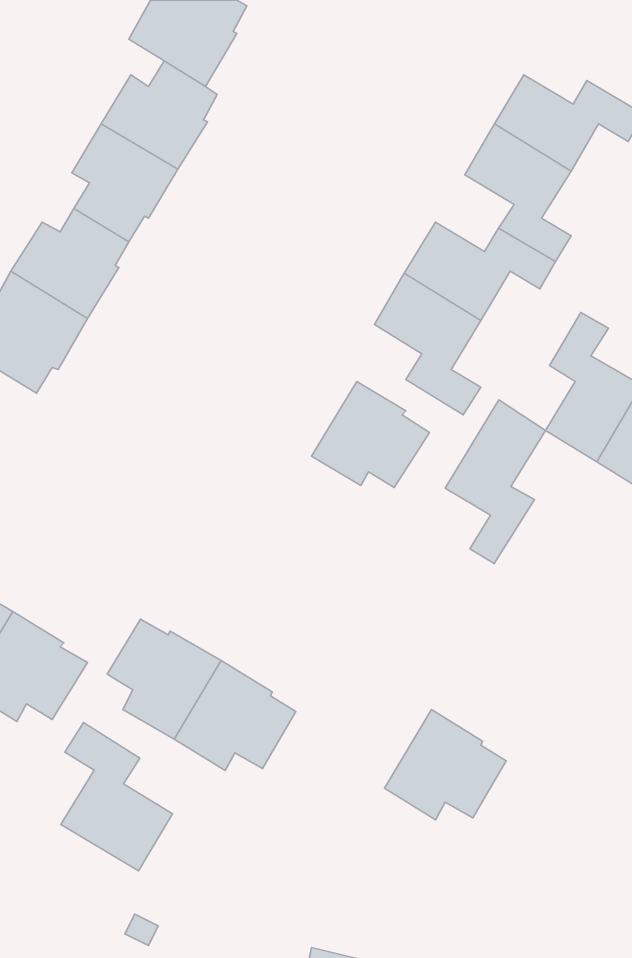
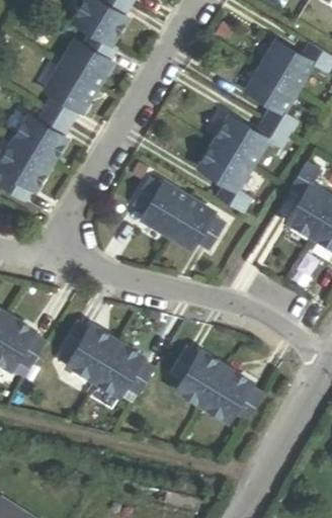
building: none -> [130,176,188,236]
building: [445,400,546,564] -> none
building: none -> [168,345,227,407]
building: [61,723,173,871] -> none

